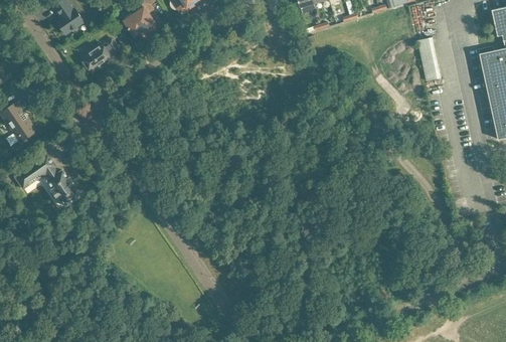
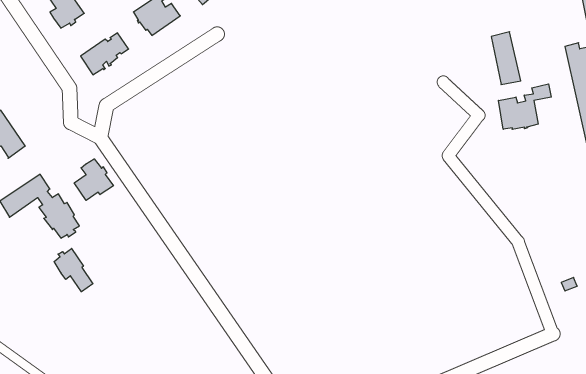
building: none -> [498,84,551,129]
building: none -> [74,159,113,200]
building: none -> [54,248,93,292]

